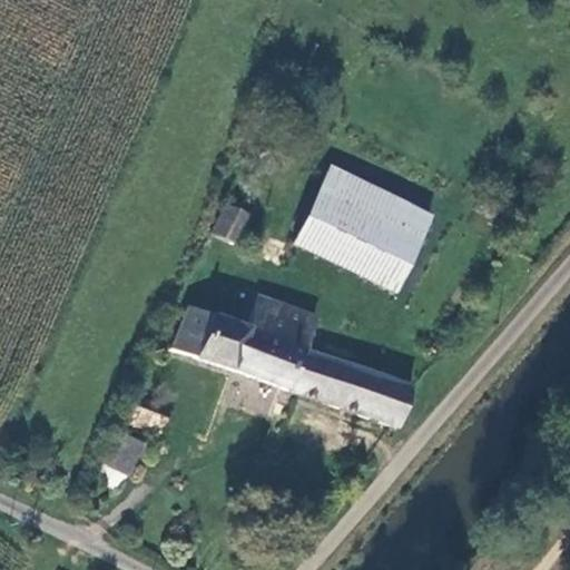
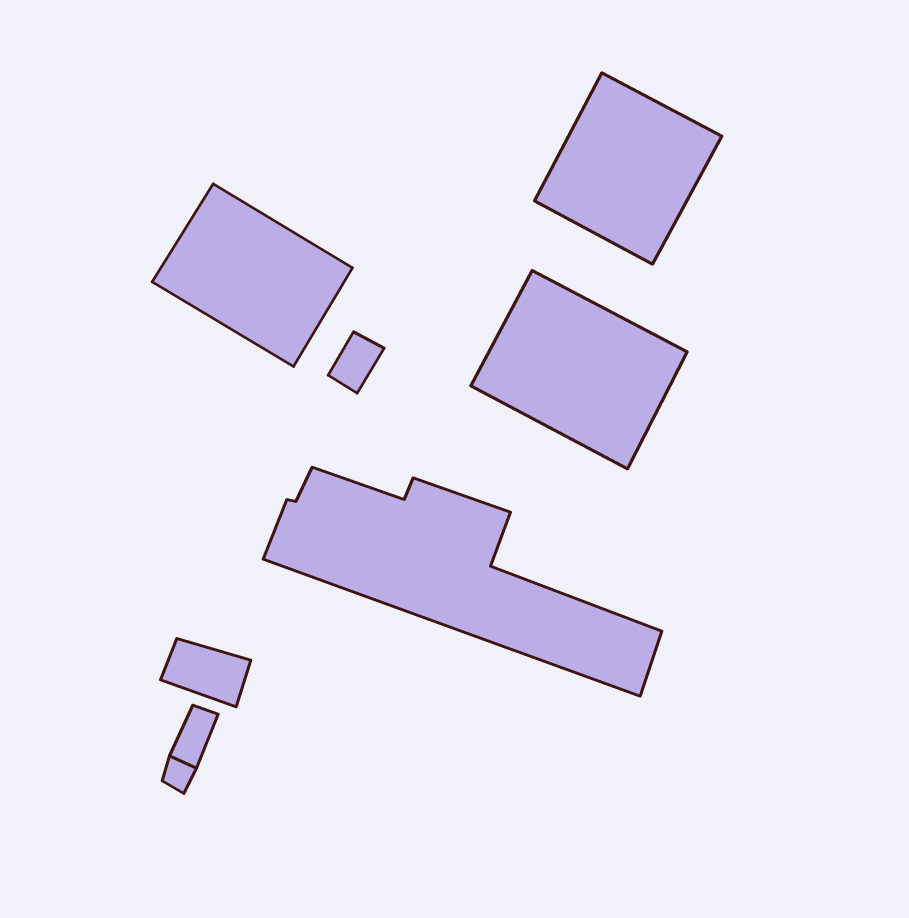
building: none -> [535,73,722,264]
building: none -> [152,184,352,367]

